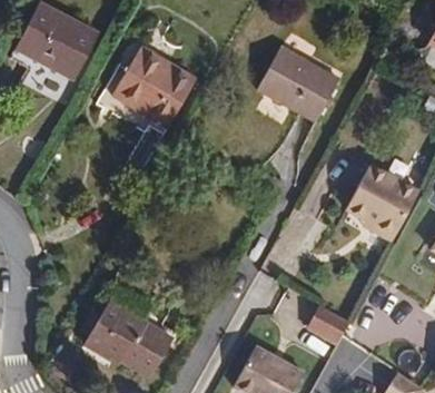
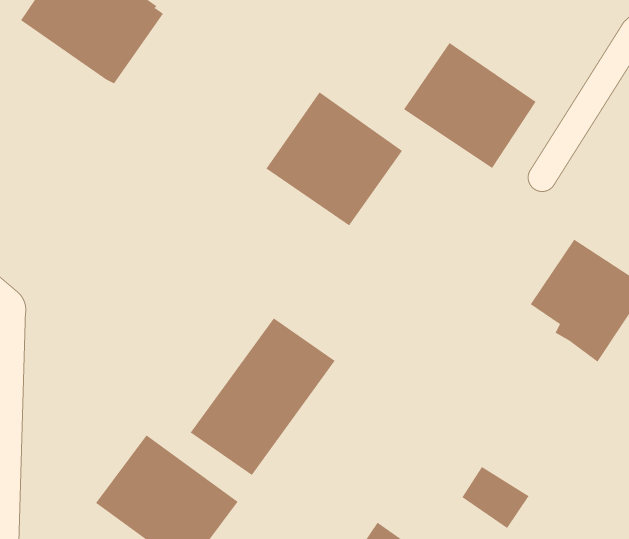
building: [112,43,197,126] -> [265,91,403,226]
building: none -> [190,318,336,476]

